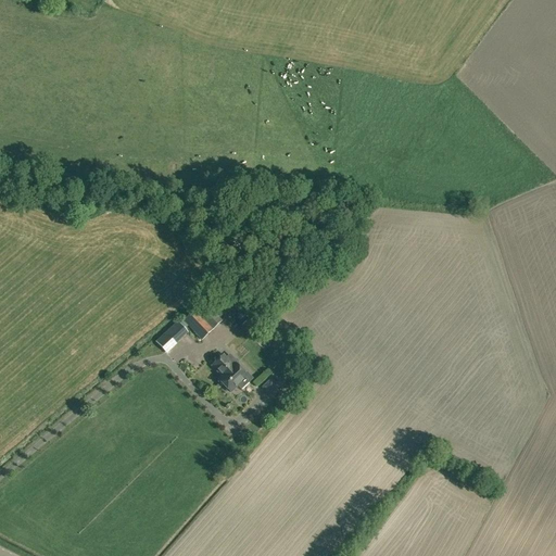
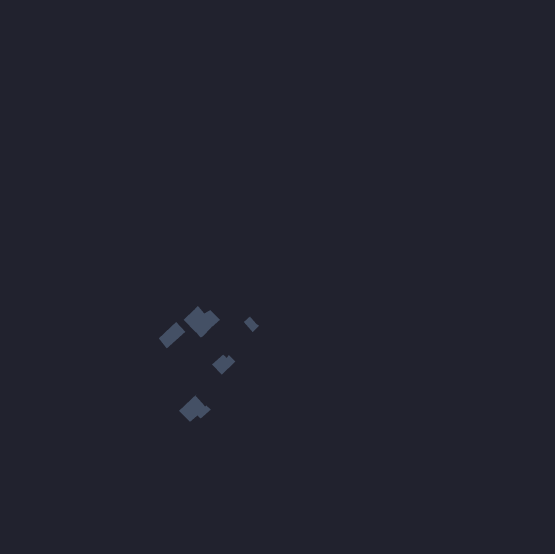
building: [217,361,251,390] -> [178,394,212,423]

